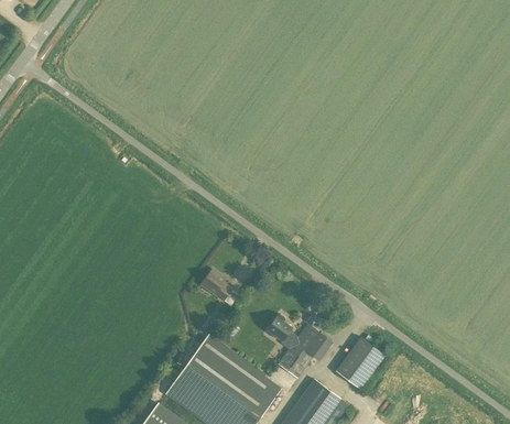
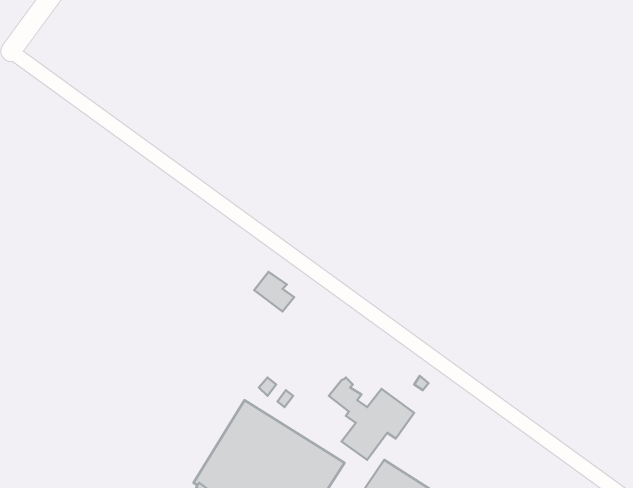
building: [202,270,232,301] -> [254,272,294,312]
building: [337,338,386,390] -> none

